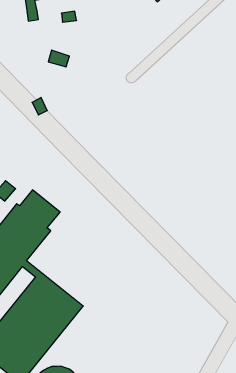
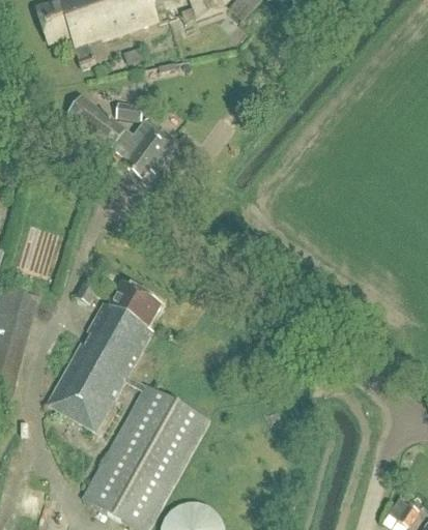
building: none -> [67,95,178,178]

